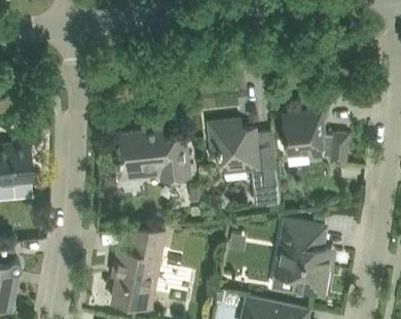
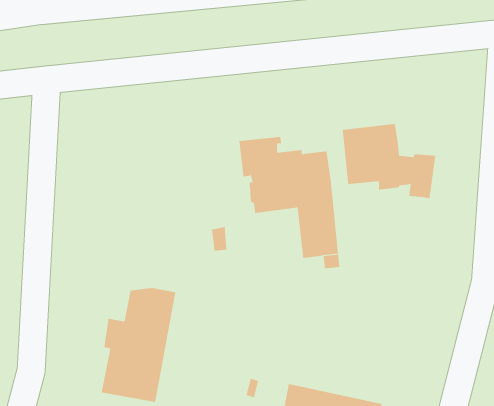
building: [117,130,190,181] -> none
building: [276,219,336,296] -> none

